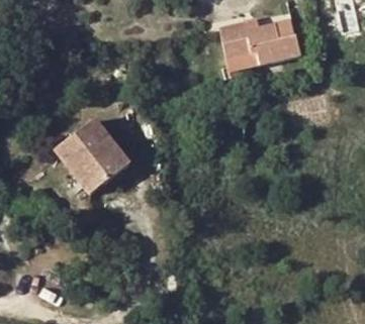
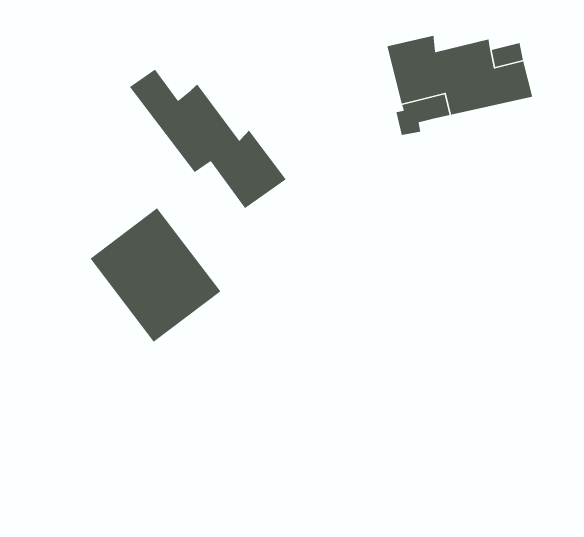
building: none -> [129,68,287,209]

